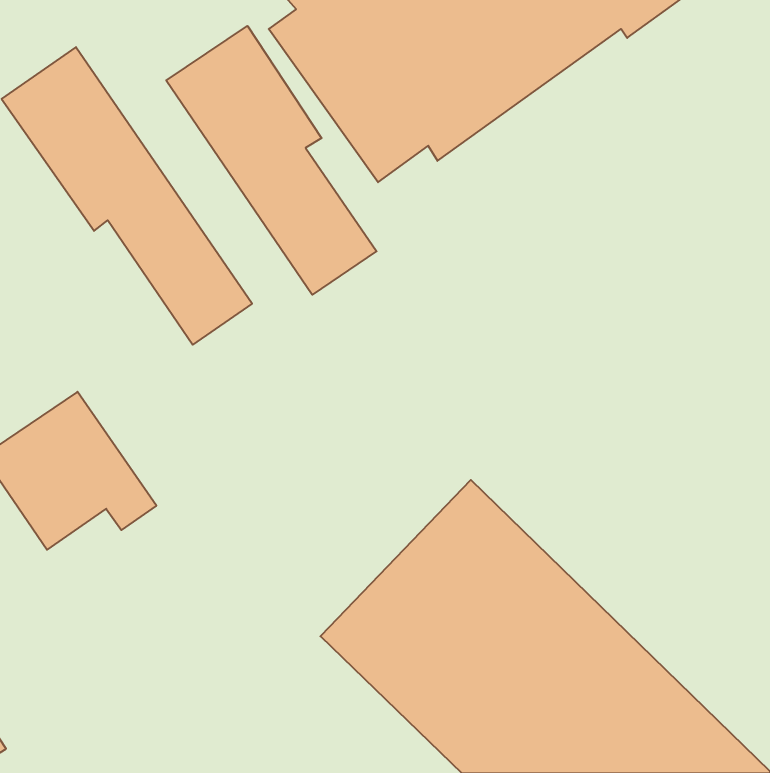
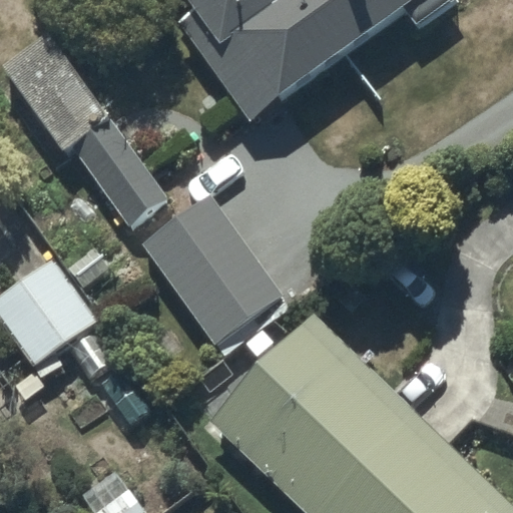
building: [166,26,377,295] -> none
building: none -> [141,193,281,343]

